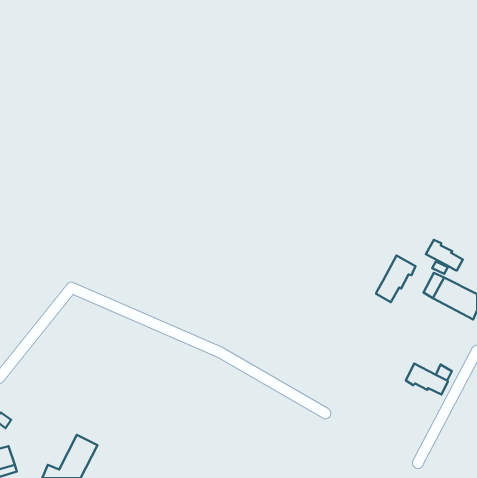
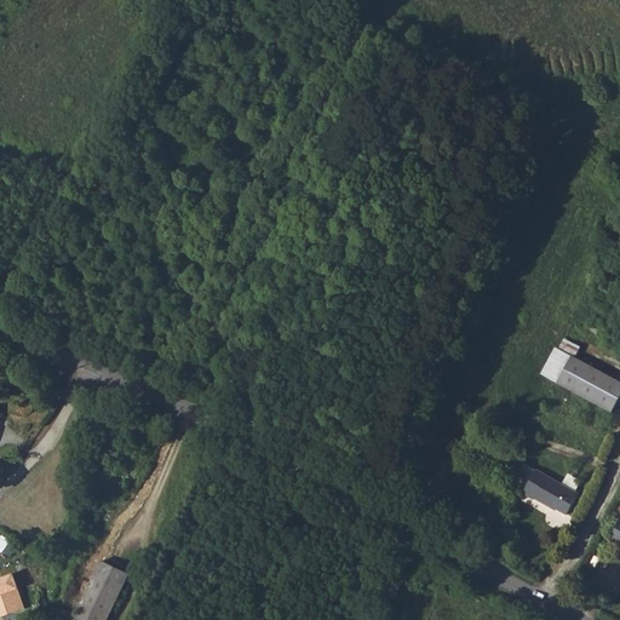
building: [426,240,463,270] -> none
building: [376,255,416,302] -> none

